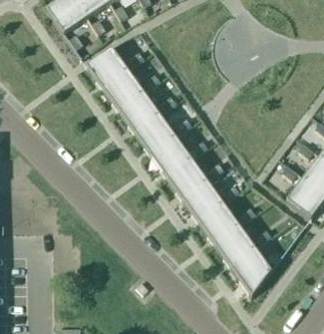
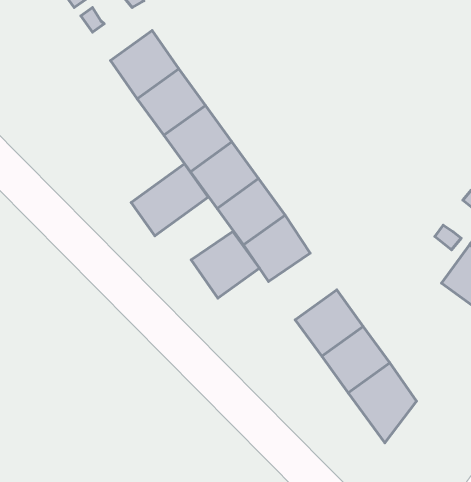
building: none -> [131,164,208,236]
building: [182,181,223,221] -> [191,232,259,298]

